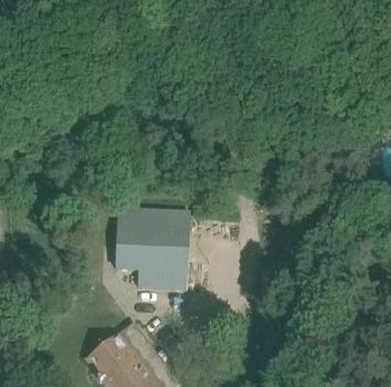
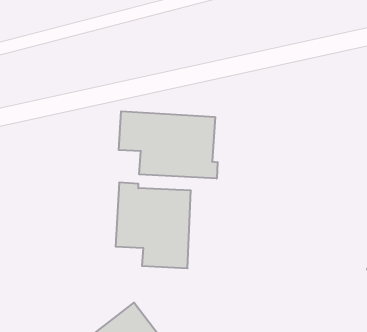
building: none -> [119,111,218,179]

